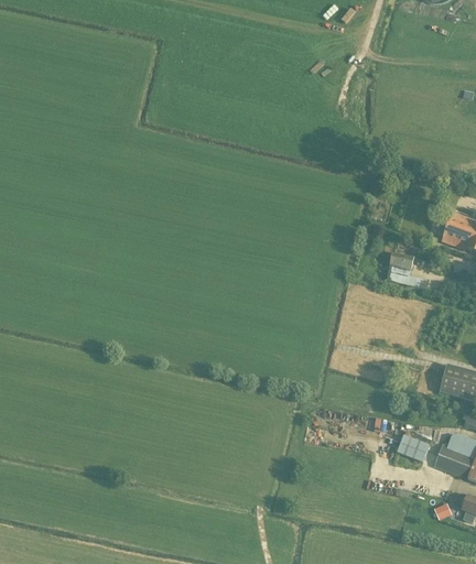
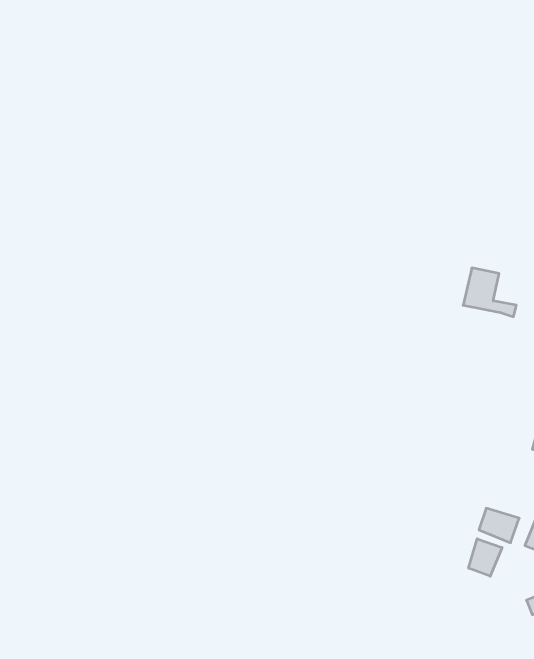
building: none -> [469,539,502,576]

